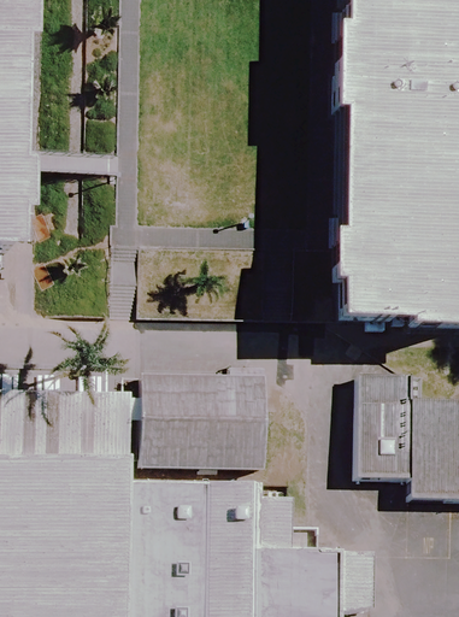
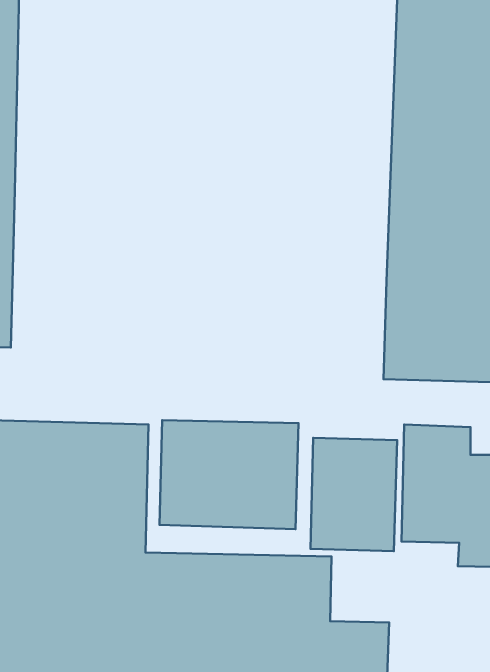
building: none -> [311,438,397,551]

